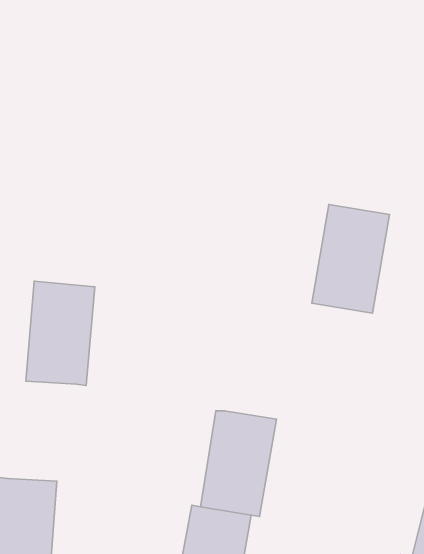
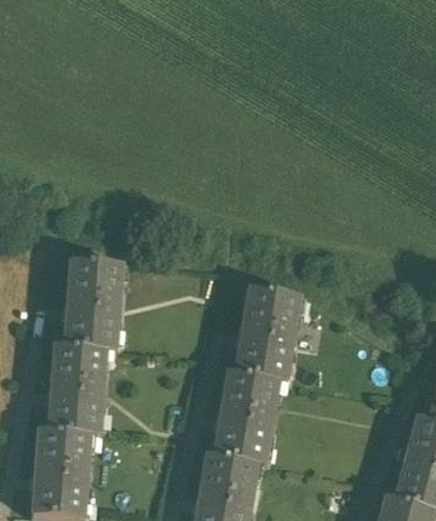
building: [312,205,390,313] -> [234,291,300,384]
building: none -> [47,349,107,437]

